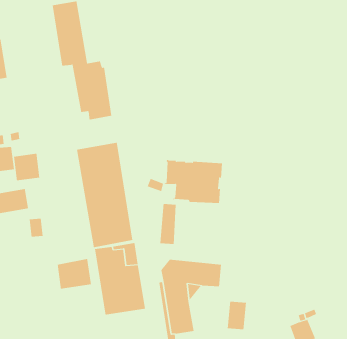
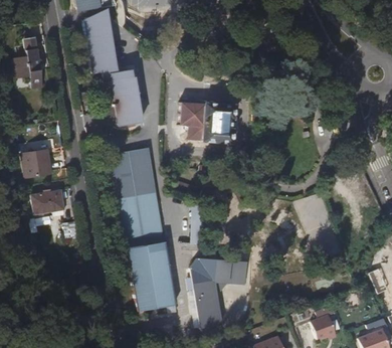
building: [13,153,40,181] -> none
building: [164,159,223,203] -> [179,101,235,143]
building: [57,258,92,290] -> none
building: [227,301,246,330] -> none

